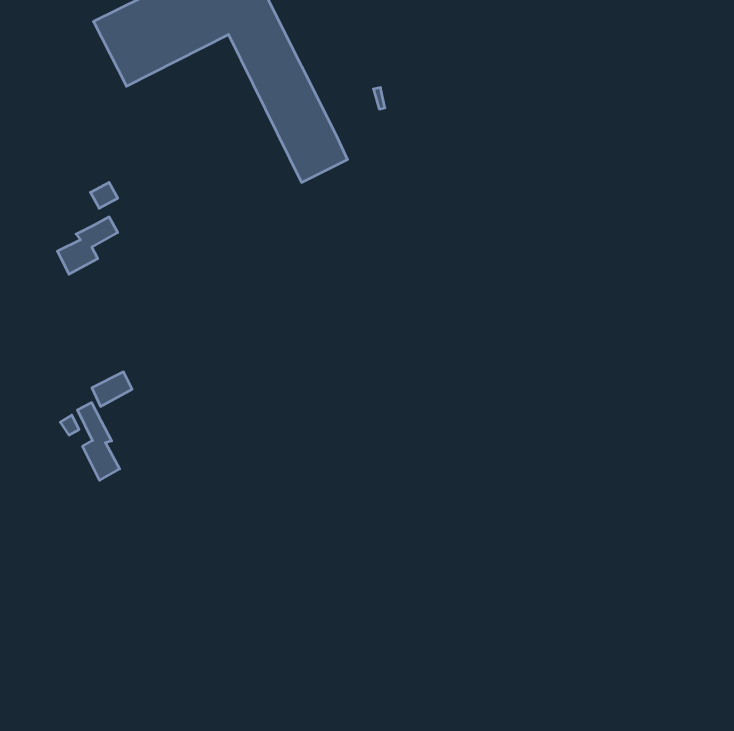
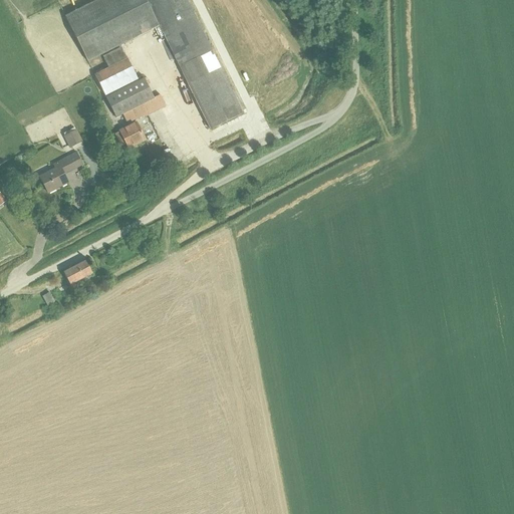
building: none -> [95,57,166,147]
building: [77,403,120,480] -> none

